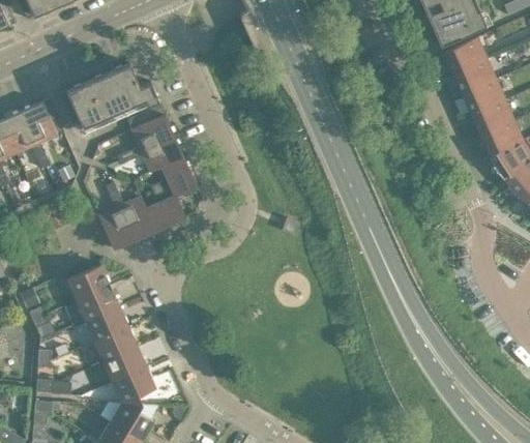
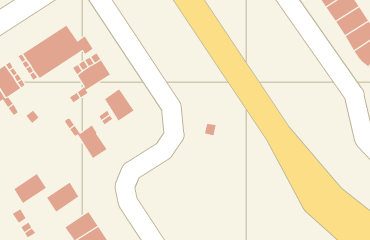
building: [141,137,183,173] -> none
building: [145,196,185,231] -> none
building: [98,207,135,249] -> none
building: [77,286,119,322] -> [14,173,47,204]

